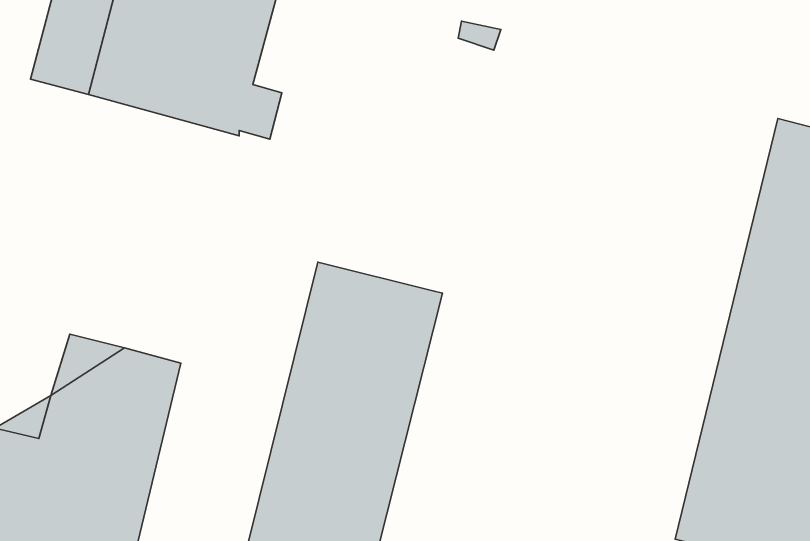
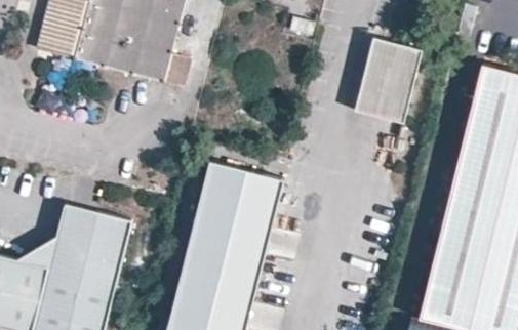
building: none -> [355,38,419,122]

